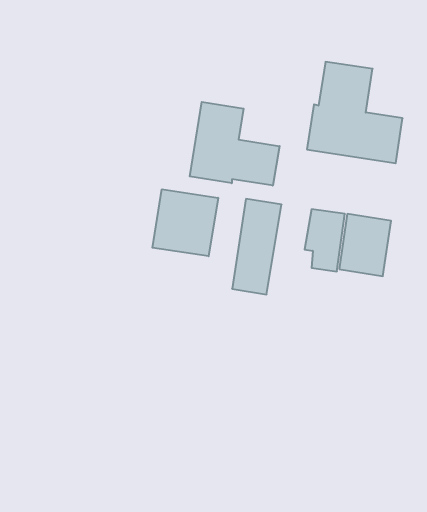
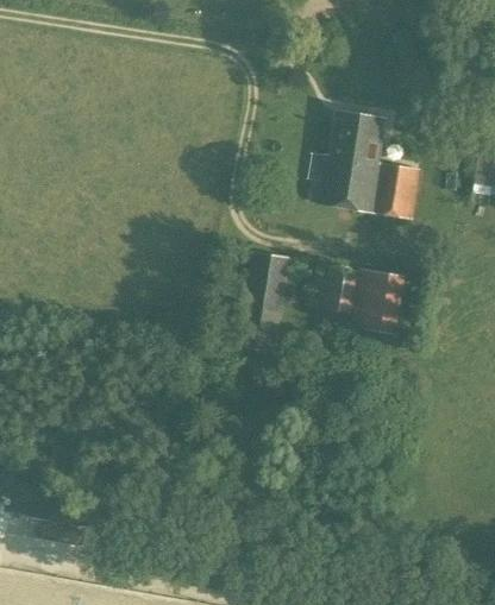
building: [190,102,280,186] -> none
building: [152,189,218,256] -> none

